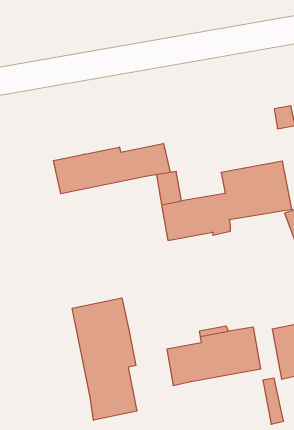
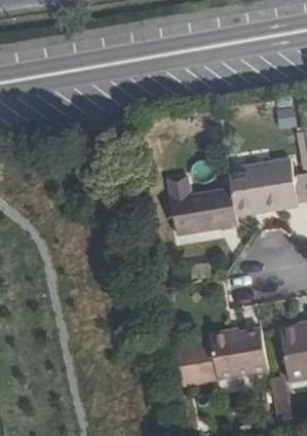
building: [53,143,170,194] -> none
building: [72,298,137,420] -> none

